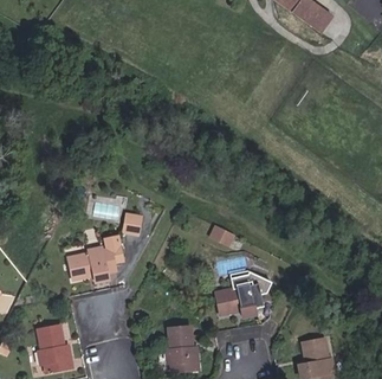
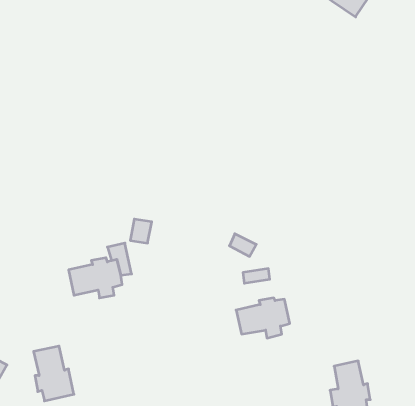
building: [167,326,200,372] -> none

